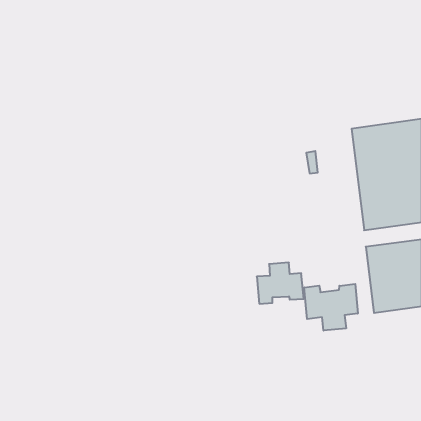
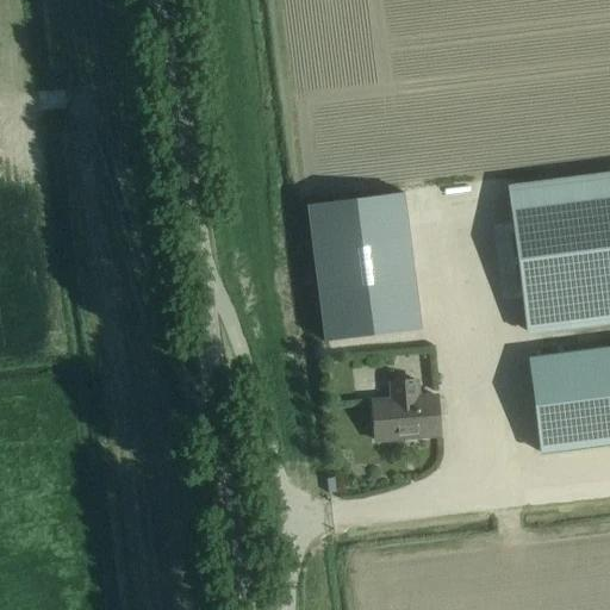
building: none -> [309,191,421,341]
building: [304,284,358,331] -> none

